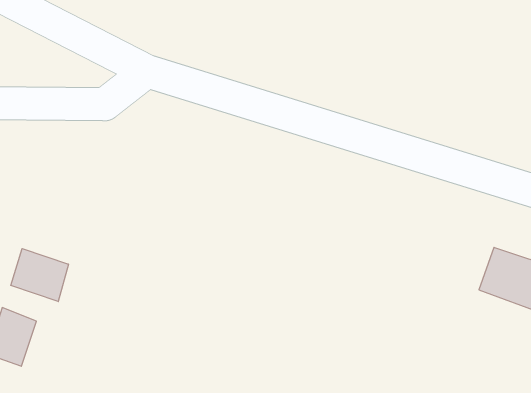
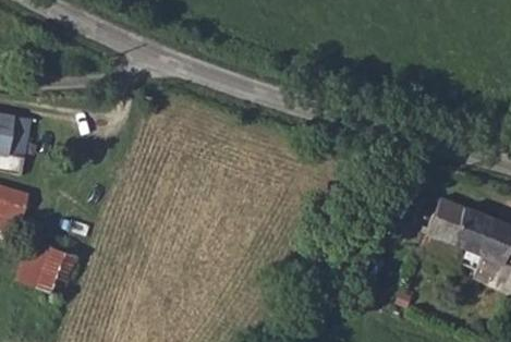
building: [11,249,68,302] -> none

